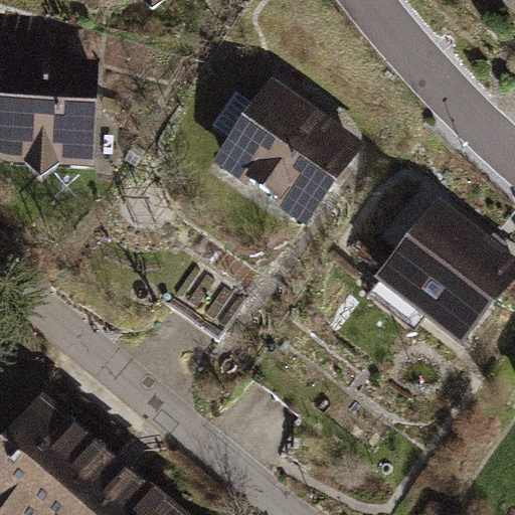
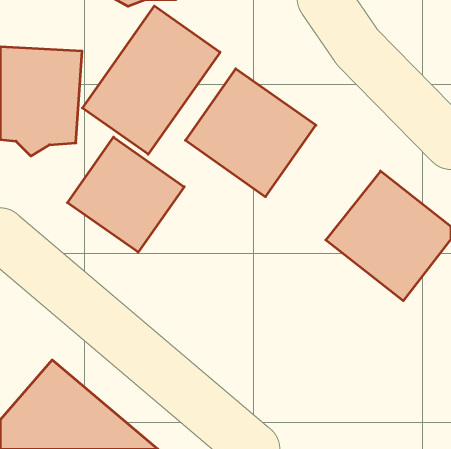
building: none -> [82,6,220,154]
building: none -> [67,137,184,252]

